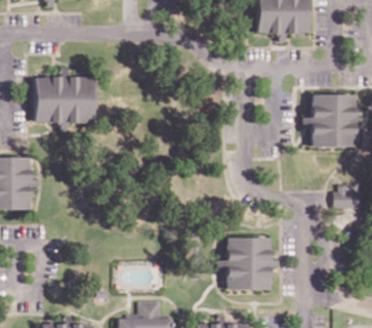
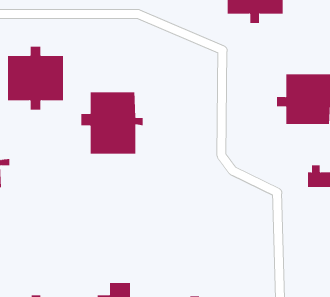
building: none -> [81,91,143,155]
building: [219,238,279,288] -> none

